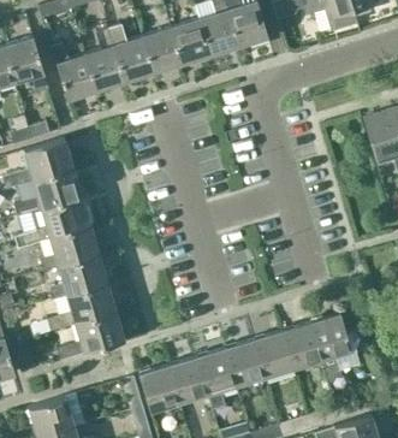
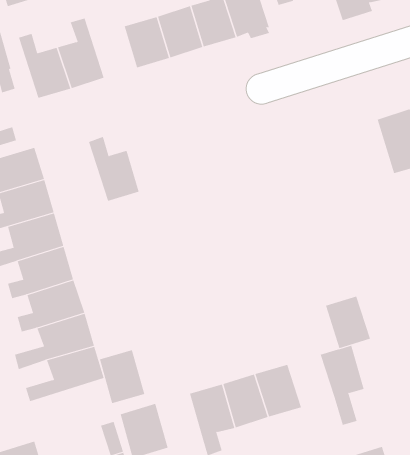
building: [108,24,153,81] -> [88,136,140,201]
building: [284,320,323,366] -> [325,296,371,349]
building: [170,354,209,401] -> [99,350,145,404]

